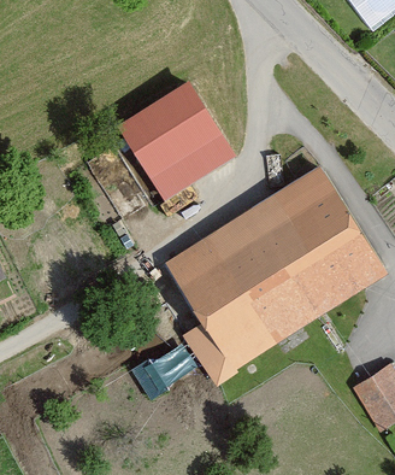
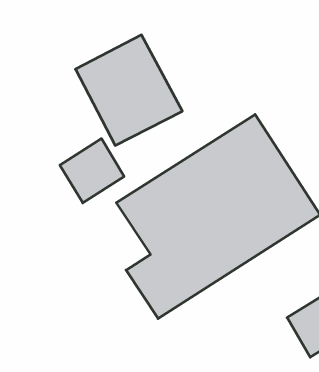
building: none -> [60,139,124,203]

